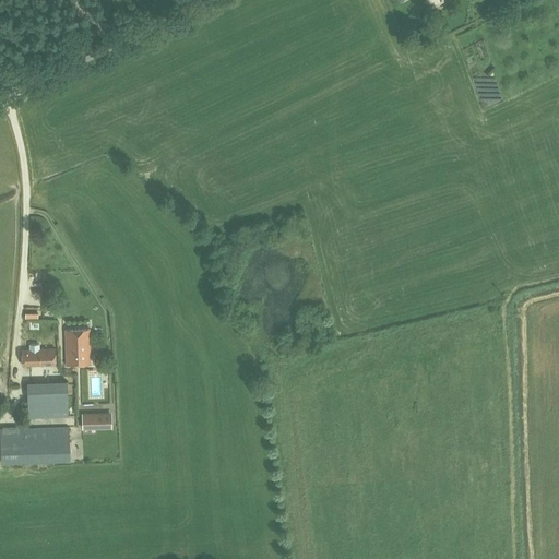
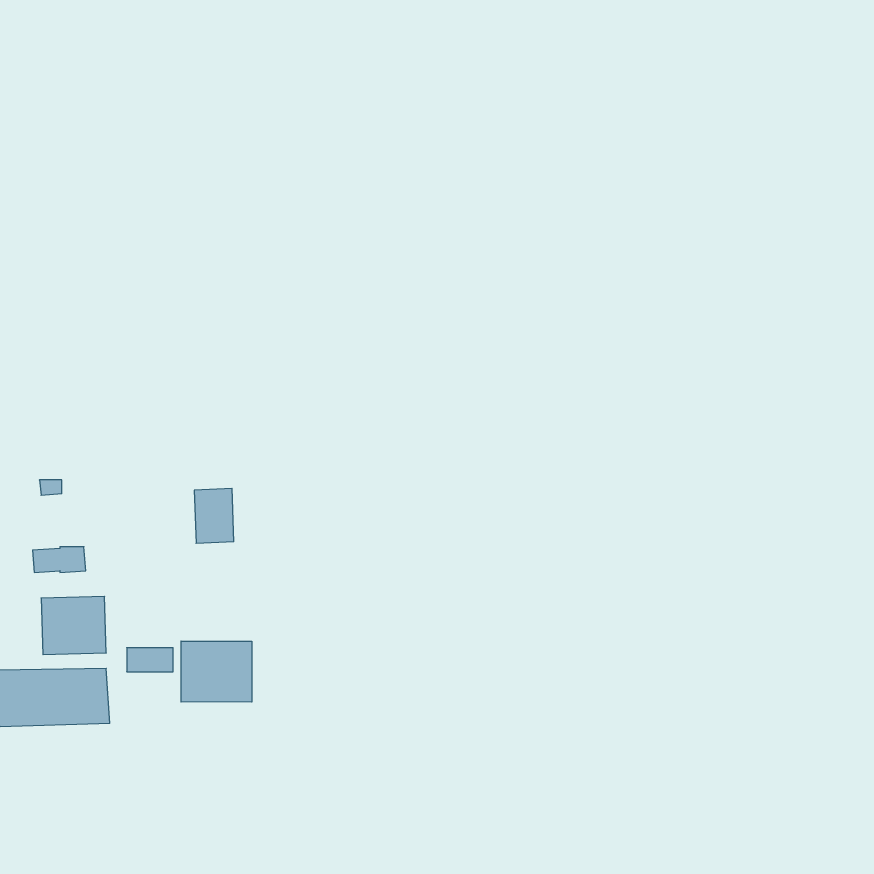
building: [64,330,90,365] -> [194,488,234,543]
building: none -> [181,641,252,702]

